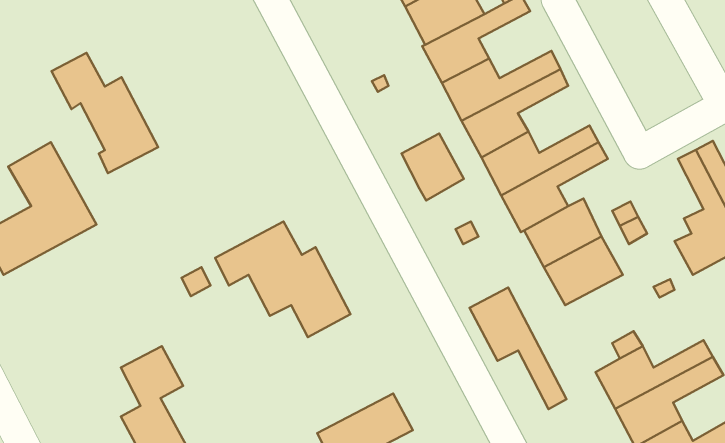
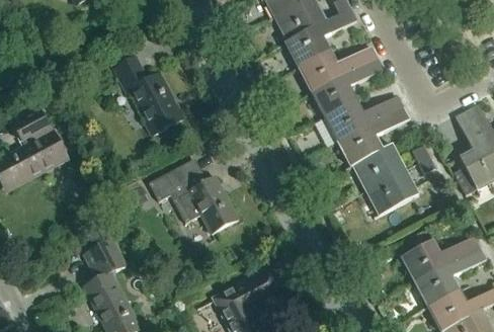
building: [52,53,158,173] -> [112,55,183,135]
building: [402,134,464,200] -> none
building: [470,287,567,409] -> none

